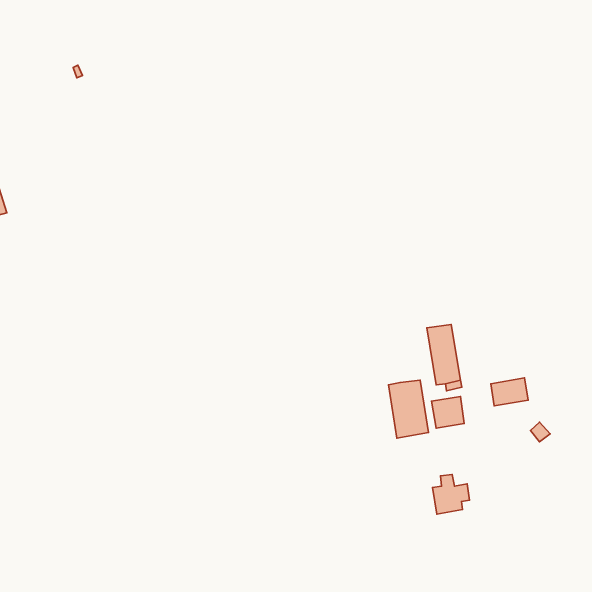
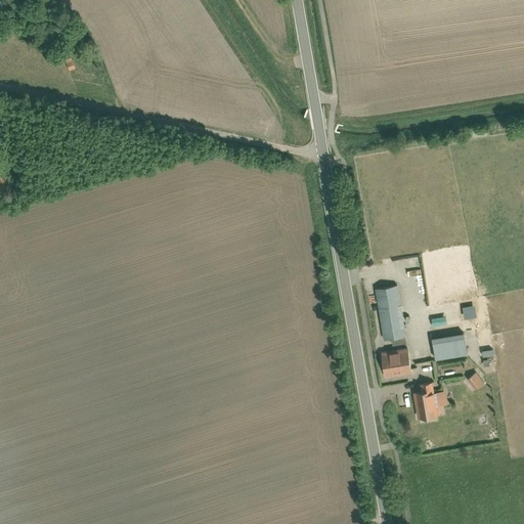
building: [388,380,428,438] -> none
building: [432,475,470,514] -> [413,383,446,418]

